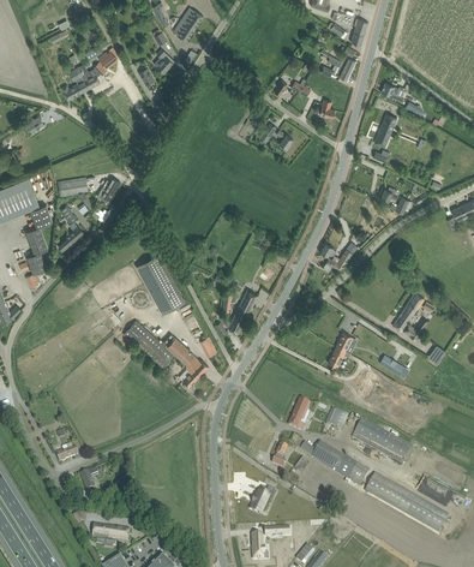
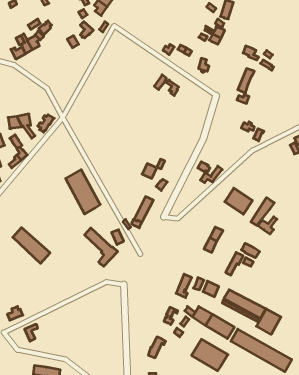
building: none -> [225,188,252,214]
building: [122,320,174,369] -> [13,228,50,263]
building: none -> [256,309,281,334]
building: none -> [192,339,228,371]

